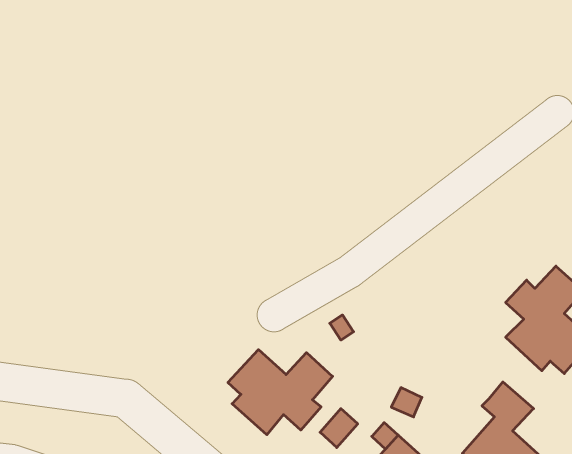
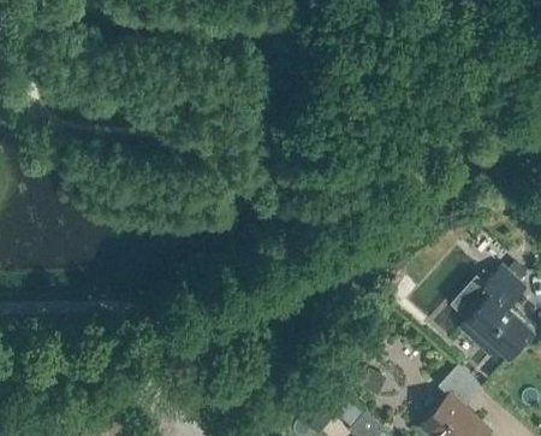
building: [228,350,333,435] -> none

